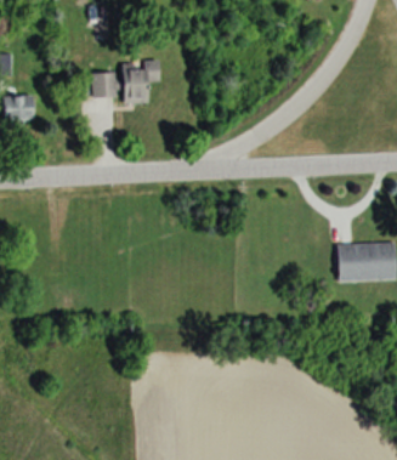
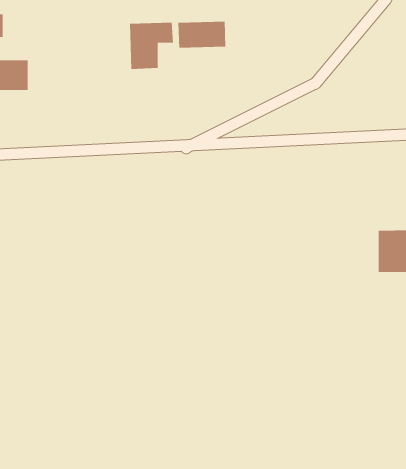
building: none -> [178,21,226,49]
building: [92,72,115,97] -> none

